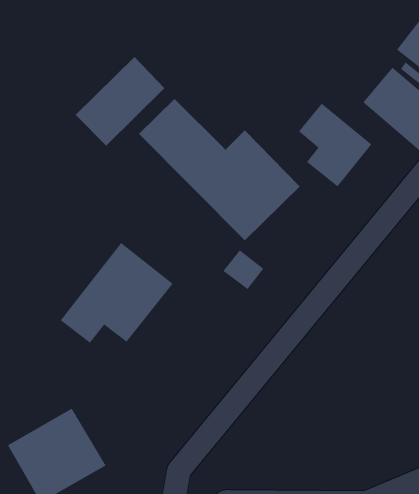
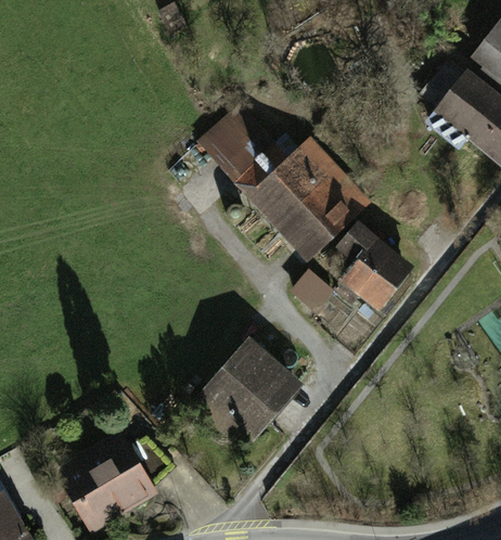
building: [75,56,165,147] -> none
building: [298,103,372,187] -> [339,218,419,308]
building: [60,242,174,344] -> [187,334,308,442]

